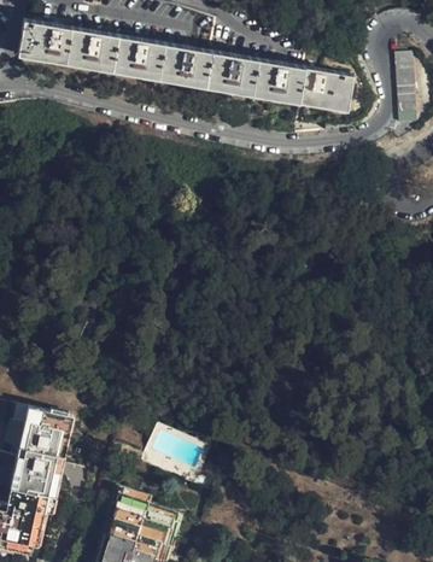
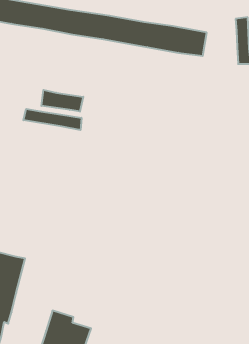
building: none -> [41,90,83,112]
building: none -> [23,109,81,130]

